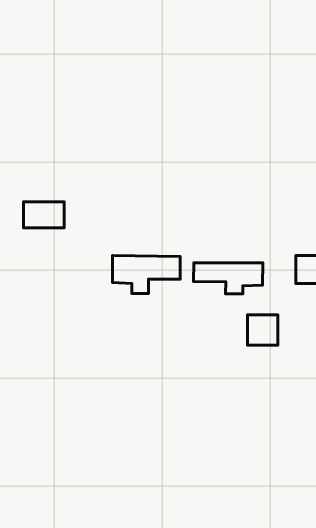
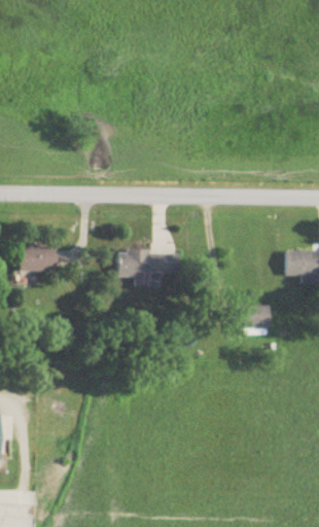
building: [24,202,64,228] -> [21,246,58,270]
building: [194,263,263,294] -> none

